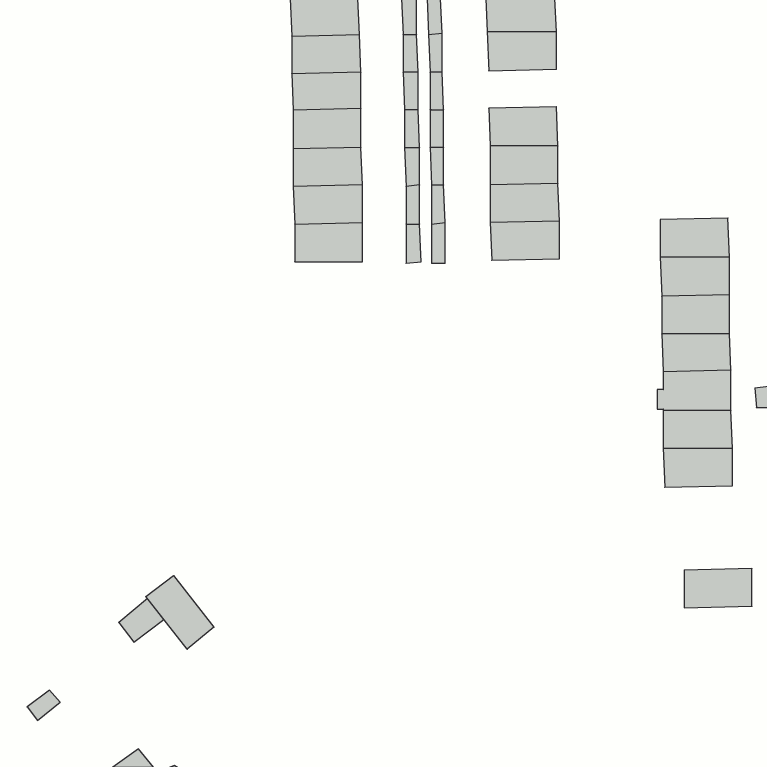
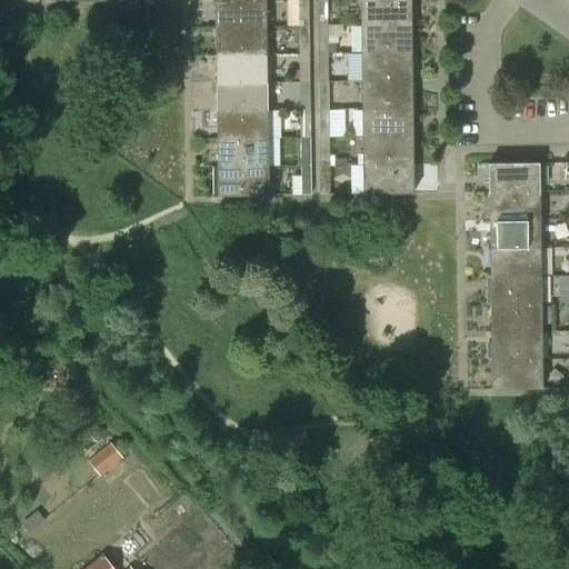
building: none -> [362,51,412,80]
building: [684,569,752,608] -> [492,359,542,388]
building: [146,576,214,649] -> none

